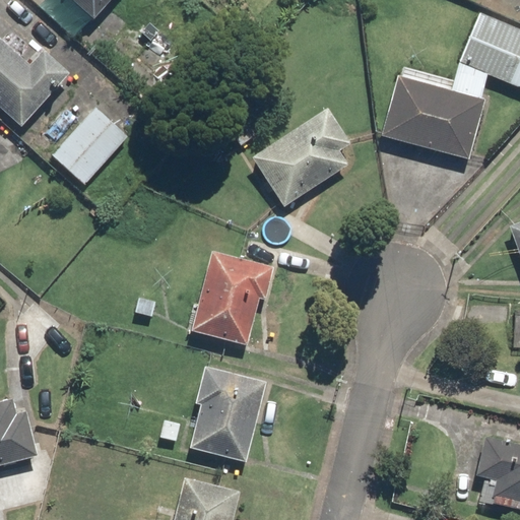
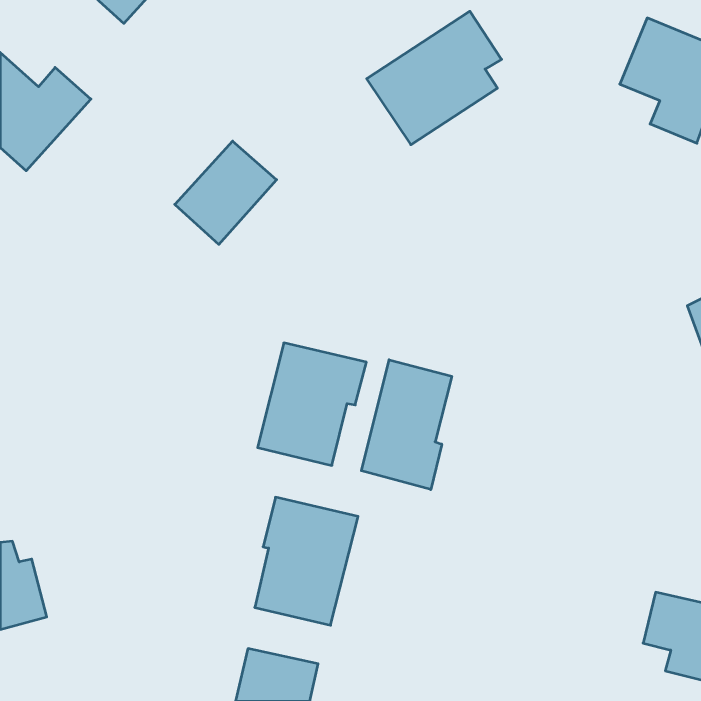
building: [382,77,483,158] -> none
building: [52,108,127,184] -> [175,141,277,244]
building: [251,108,350,206] -> [367,11,502,145]
building: none -> [361,360,452,490]

